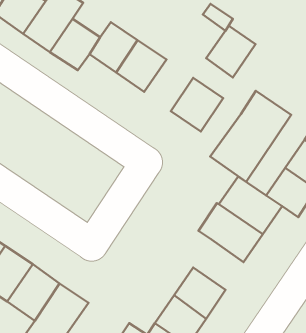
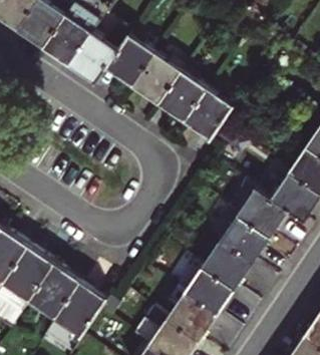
building: [206,26,255,77] -> [156,72,203,120]
building: [210,91,291,182] -> none
building: none -> [203,241,250,288]

